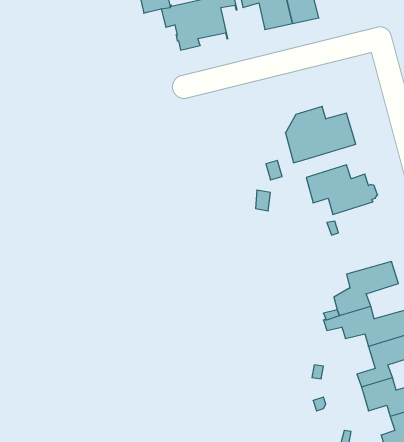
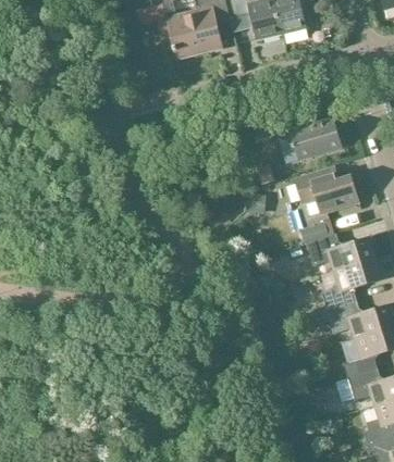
building: none -> [306,234,375,271]

